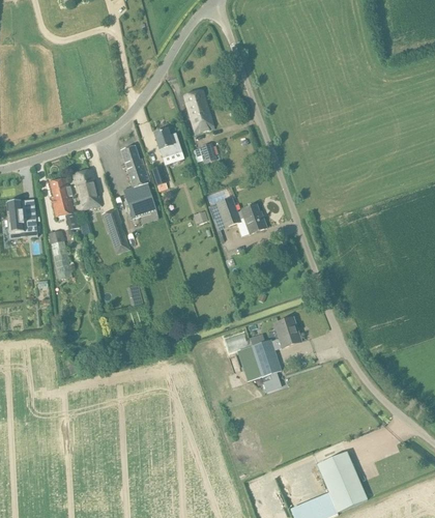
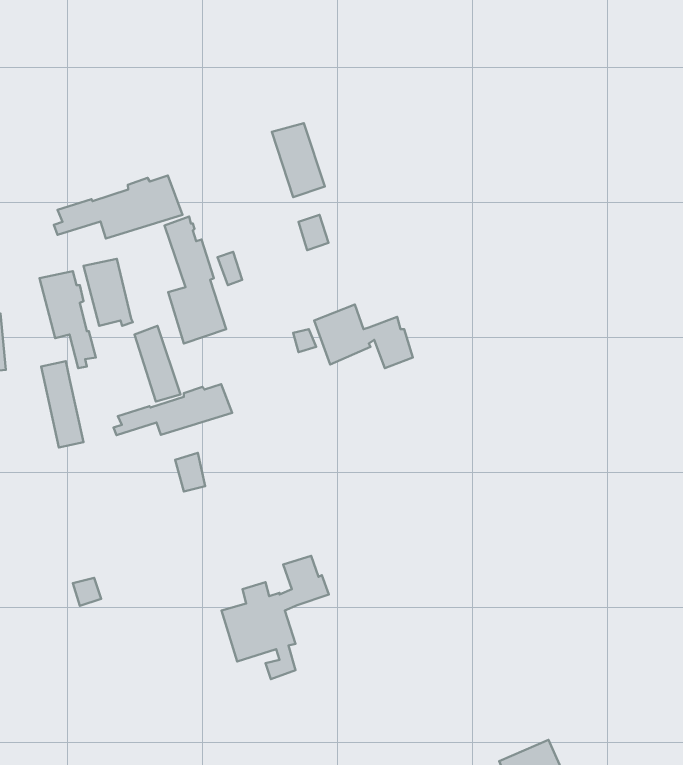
building: none -> [54,176,182,238]
building: [154,127,181,156] -> none
building: none -> [114,384,232,435]
building: [237,318,300,391] -> [221,556,329,679]

